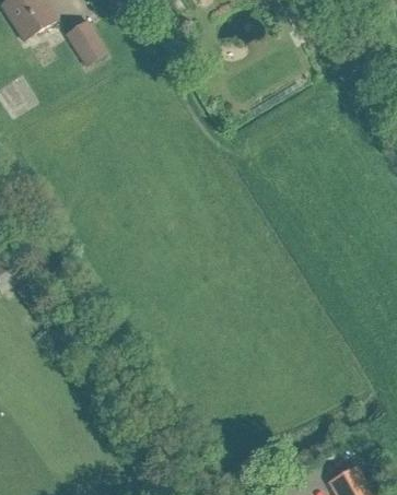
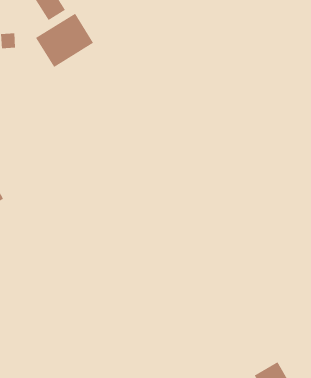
building: none -> [35,13,94,68]

